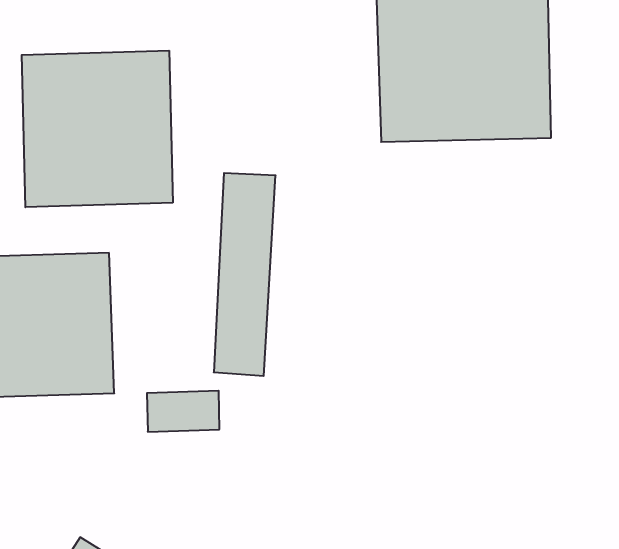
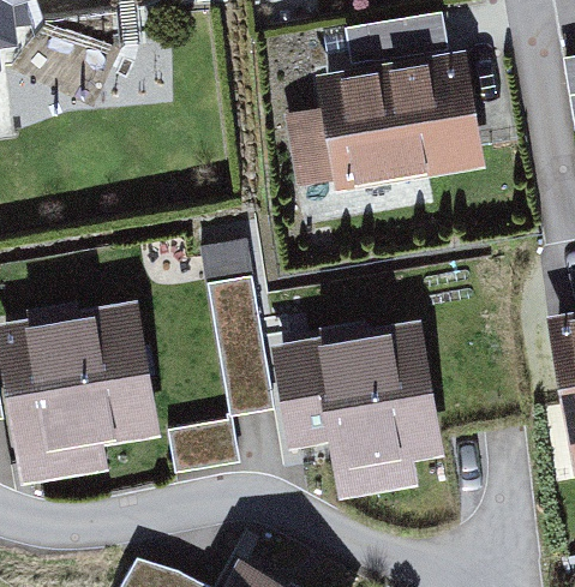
building: [22,51,173,207] -> none
building: none -> [281,333,430,460]

